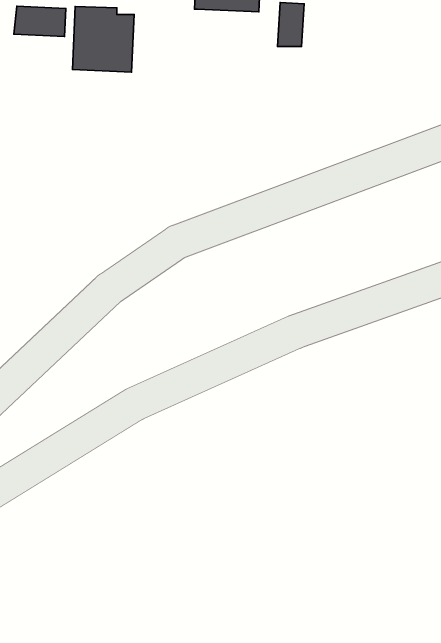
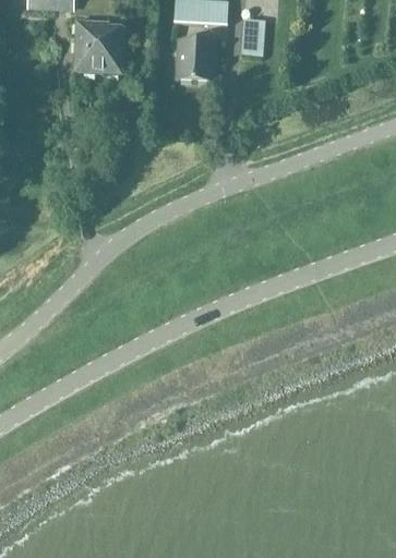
building: [14,6,66,37] -> none
building: none -> [177,39,215,80]

